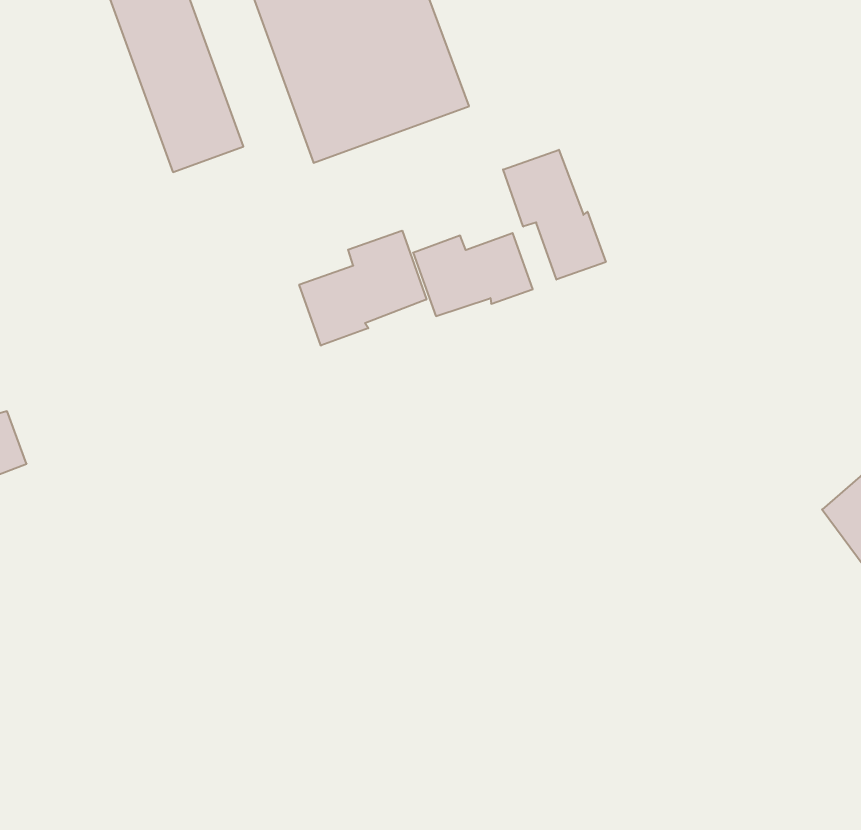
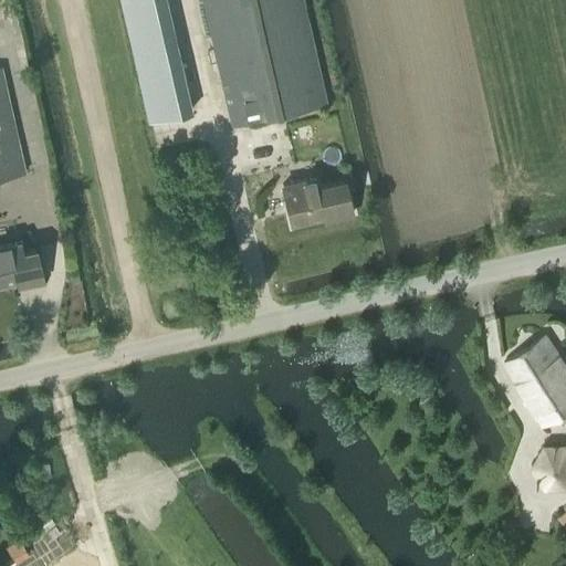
building: [503,150,606,280] -> none
building: [299,231,426,346] -> none

